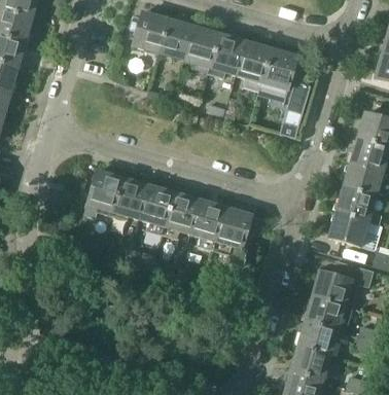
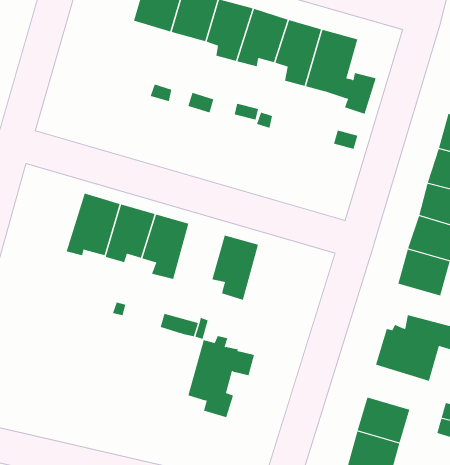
building: [163,192,200,239] -> none
building: [214,205,263,265] -> [188,335,255,418]
building: [305,296,351,331] -> none

